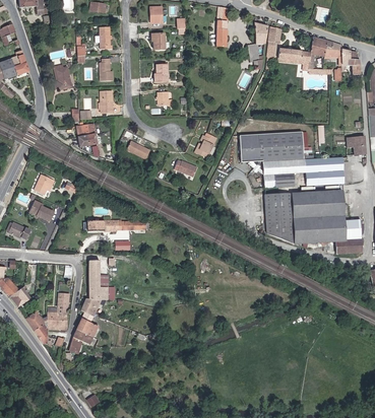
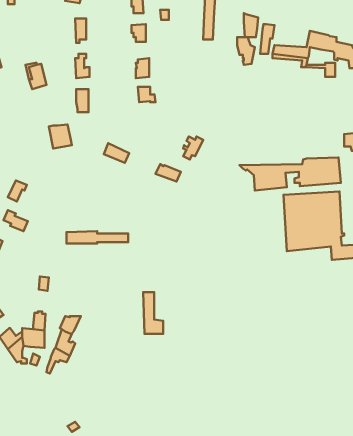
building: [239,127,312,161] -> none
building: [264,189,294,240] -> none
building: [92,262,111,300] -> [143,292,163,334]

